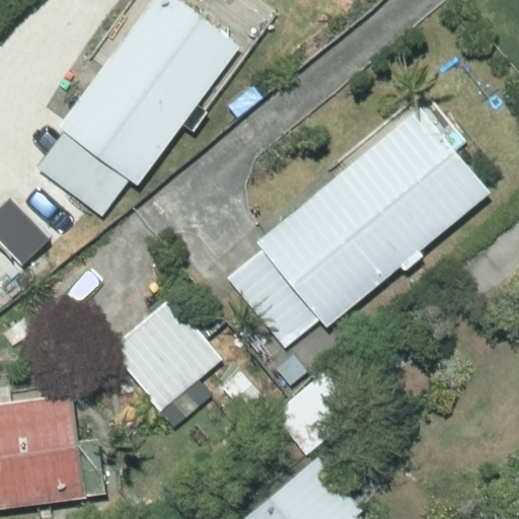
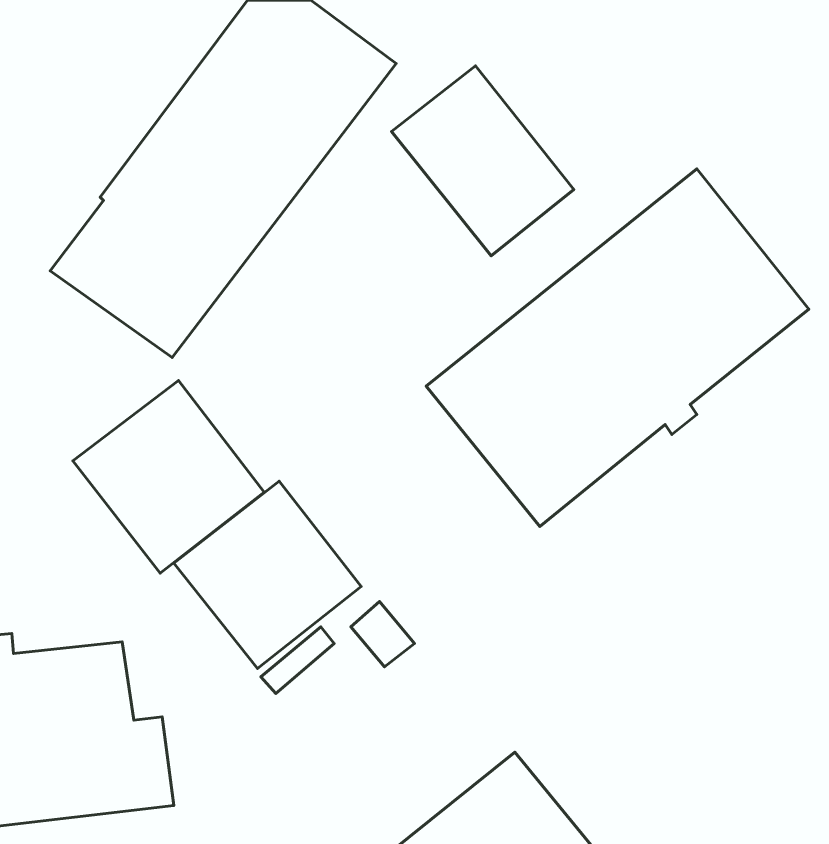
building: none -> [391,66,574,256]
building: none -> [73,381,264,573]

